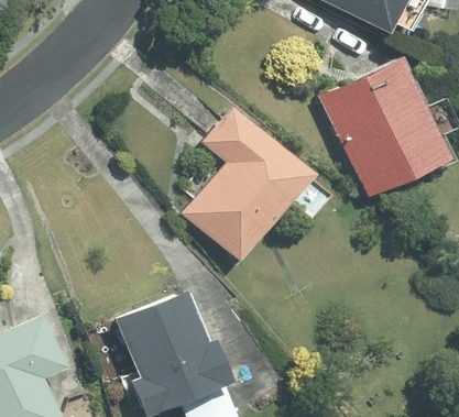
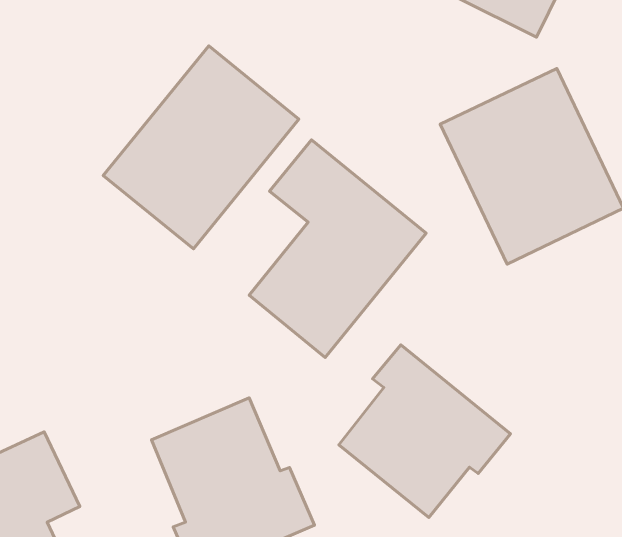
building: none -> [103,46,299,249]
building: none -> [339,345,510,518]

